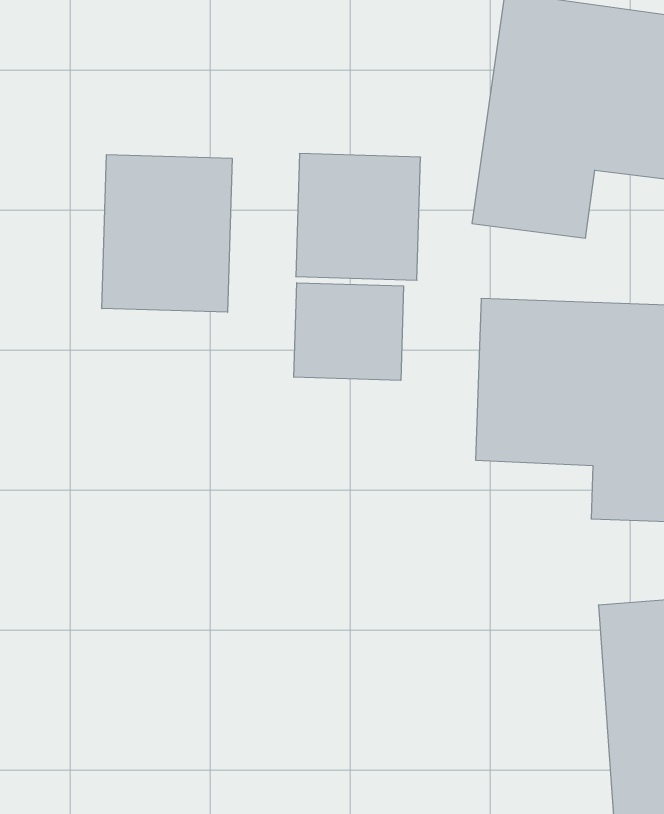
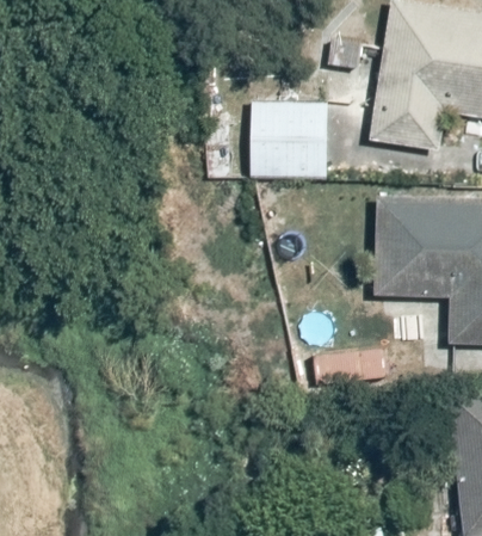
building: [102,155,232,312] -> none
building: [294,283,404,380] -> none

